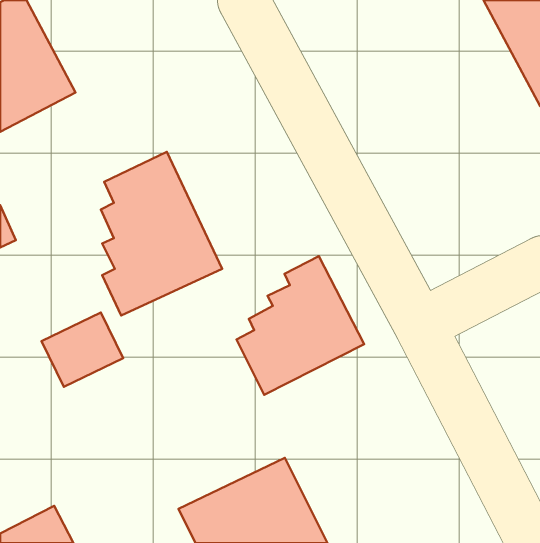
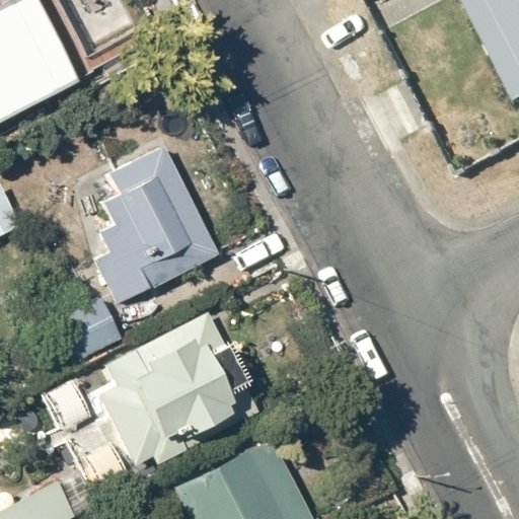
building: [236,256,364,395] -> none
building: none -> [94,313,261,468]

